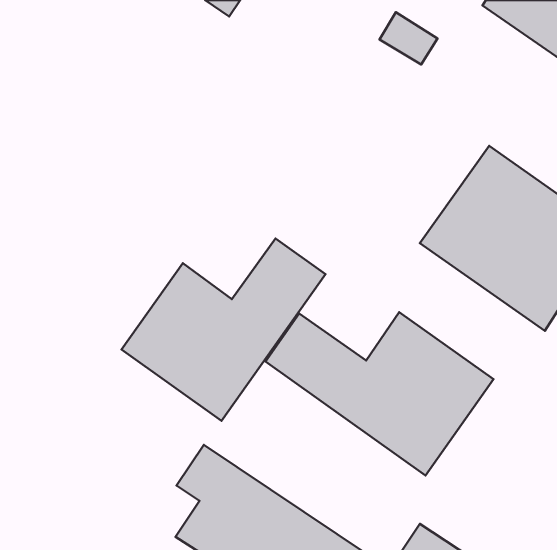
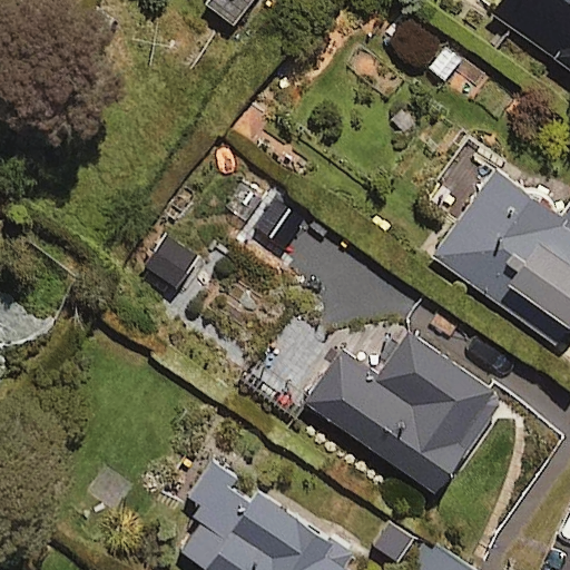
building: [122,238,325,421] -> none

